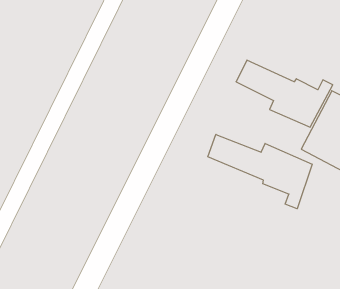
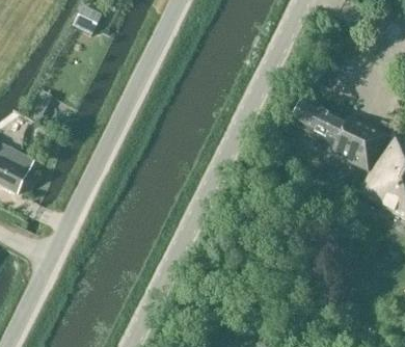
building: [208,134,312,209] -> none

